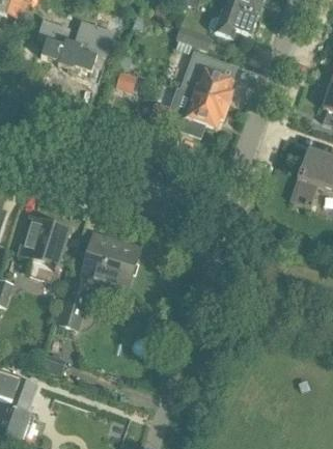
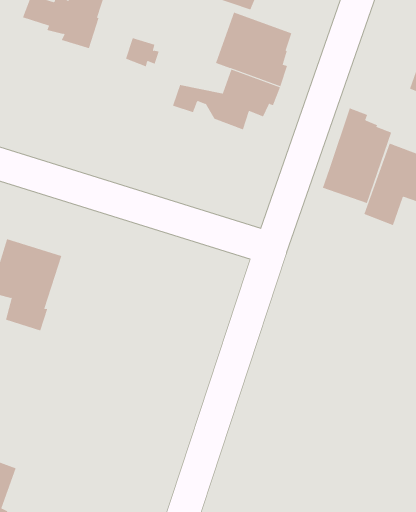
building: none -> [322,107,392,204]
building: [58,235,138,329] -> none

